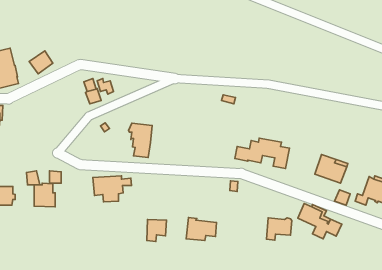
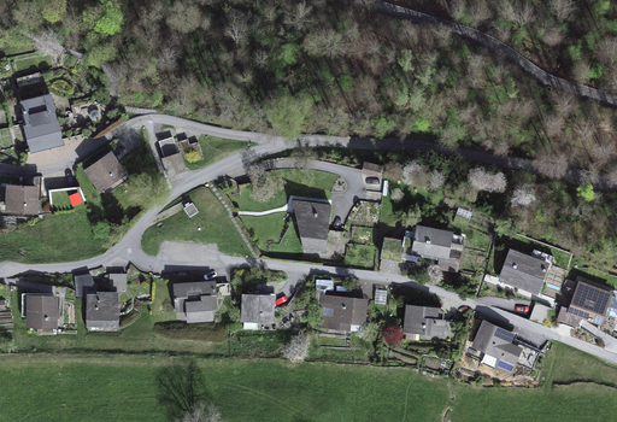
building: [29,51,53,74] -> [87,154,122,188]
building: [129,123,152,157] -> [294,200,329,251]
building: [186,218,216,240] -> [319,294,364,328]
building: [267,218,292,240] -> [405,306,442,339]
building: [147,219,166,241] -> [242,295,271,328]

